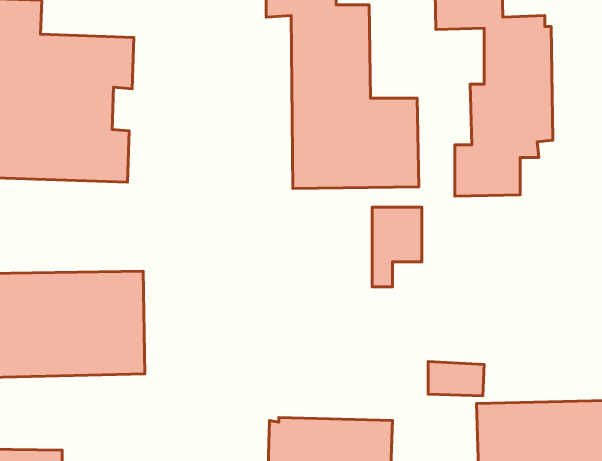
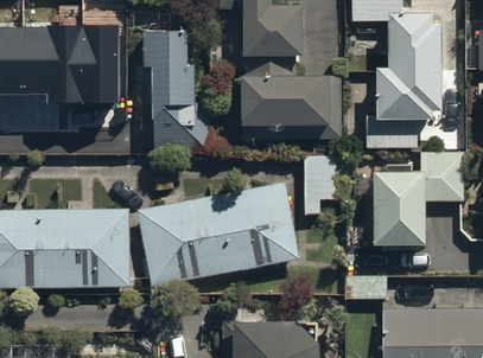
building: none -> [144,27,209,155]
building: none -> [371,153,462,244]
building: none -> [135,181,303,289]

